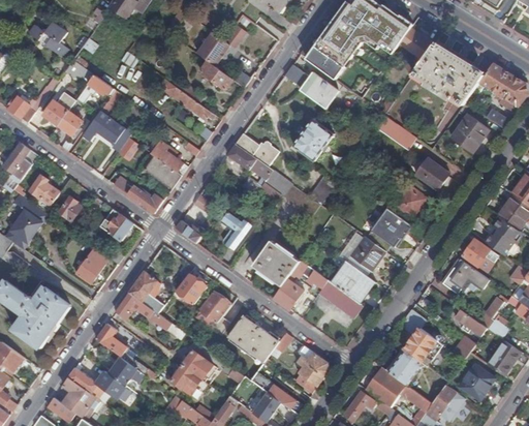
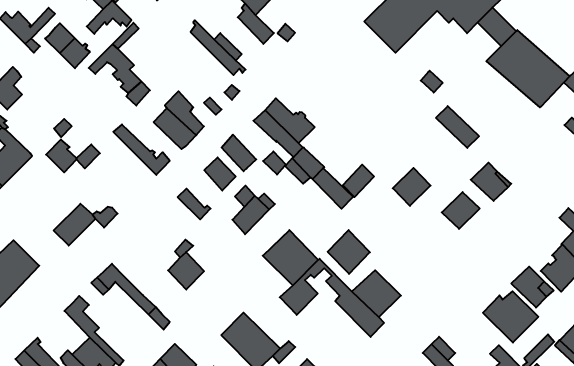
building: [283,64,337,109] -> none
building: [450,114,488,152] -> none
building: [292,119,333,161] -> none
building: none -> [222,135,256,171]
building: [29,175,59,206] -> none
building: [99,209,132,240] -> none
building: [373,215,404,247] -> [393,168,431,206]
building: [349,236,384,272] -> [328,230,370,274]
building: [128,271,159,302] -> none
building: [196,291,229,328] -> none

